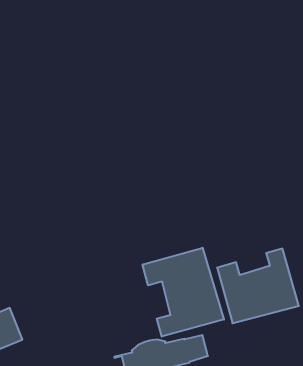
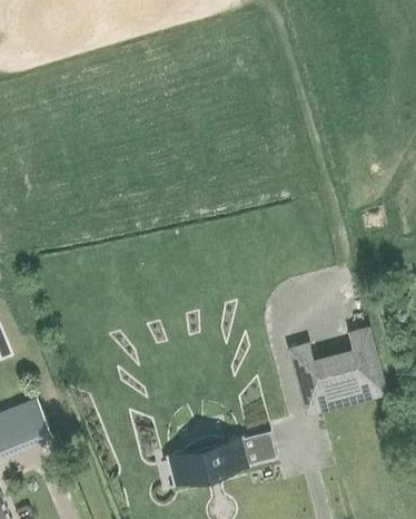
building: [143,248,224,337] -> none

